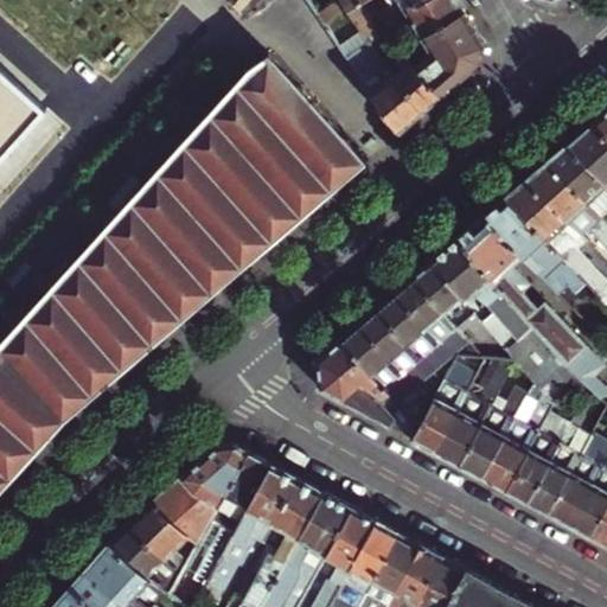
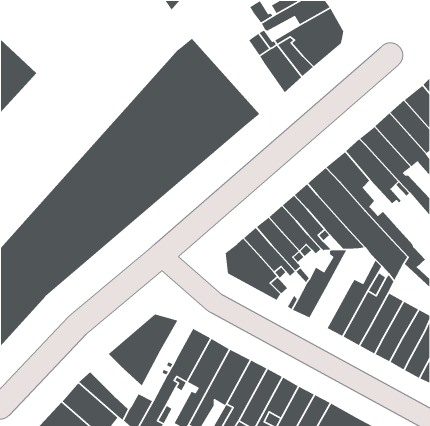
building: [436,354,519,468] -> none
building: [226,456,271,511] -> none
building: [127,504,200,582] -> none

